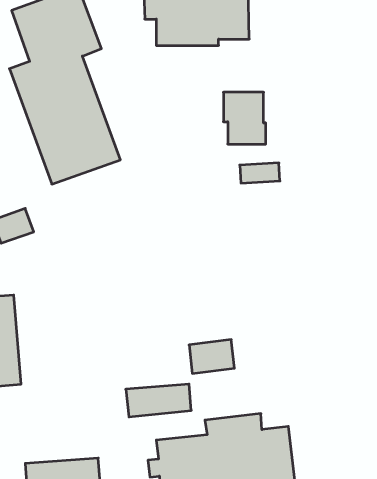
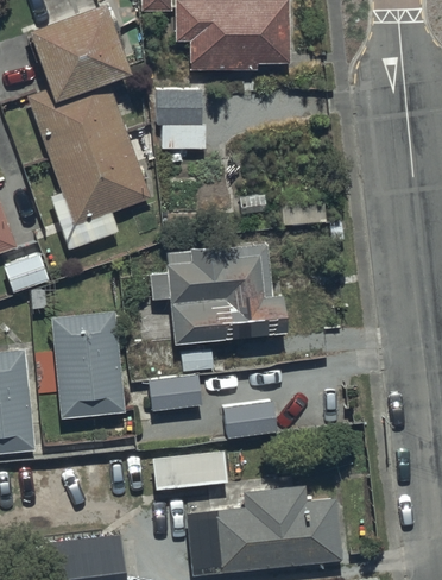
building: [223,92,266,144] -> [158,90,206,149]
building: none -> [133,242,290,410]
building: none -> [52,311,126,418]

